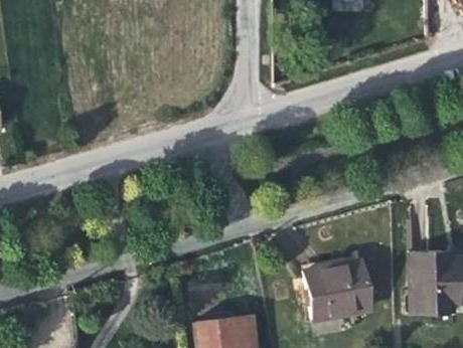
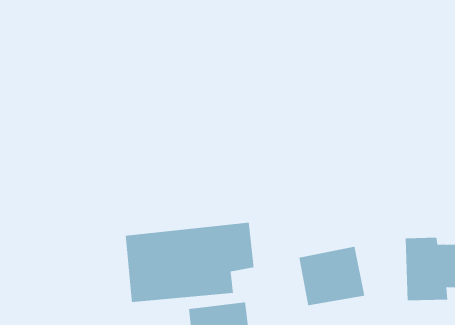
building: none -> [125,222,254,303]

